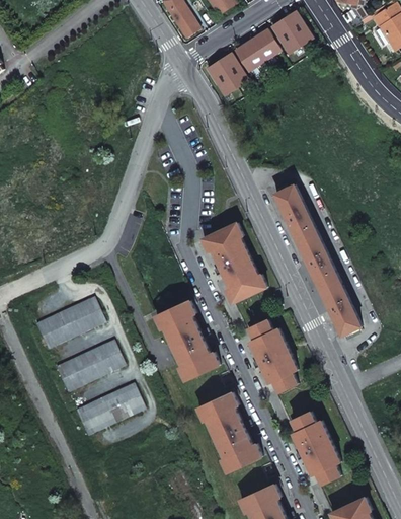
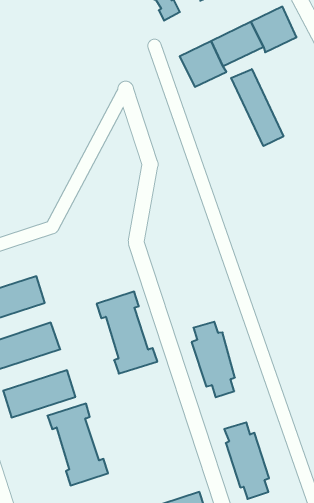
building: none -> [231,69,283,146]
building: [275,186,362,335] -> none
building: [203,222,267,302] -> none
building: [197,392,262,472] -> [47,404,108,485]

